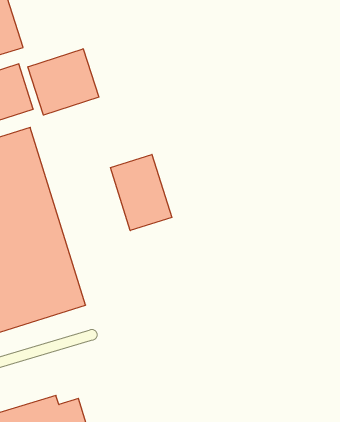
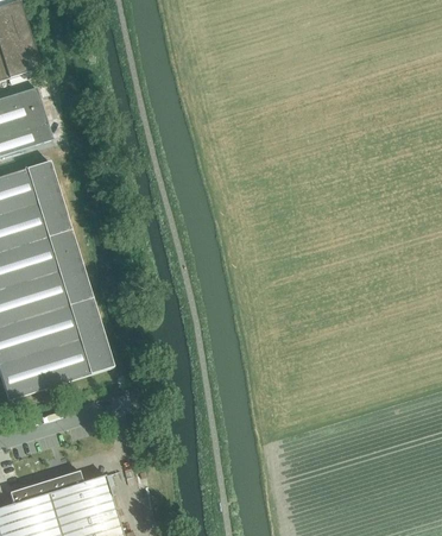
building: [28,49,99,115] -> none
building: [111,154,172,231] -> none

